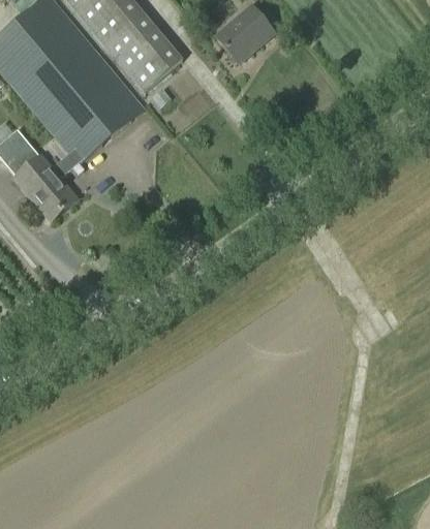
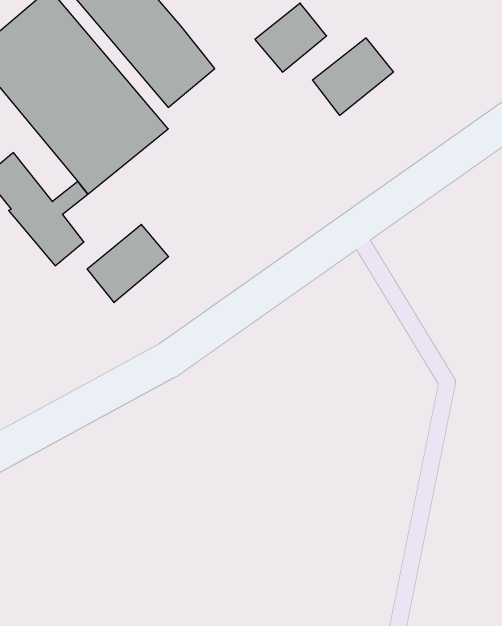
building: none -> [313,38,393,115]
building: none -> [87,224,168,303]

